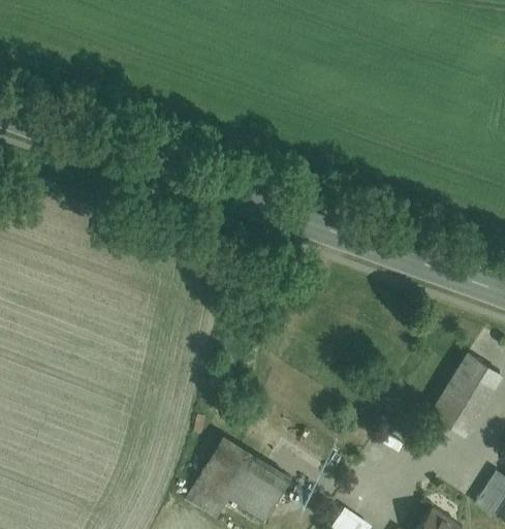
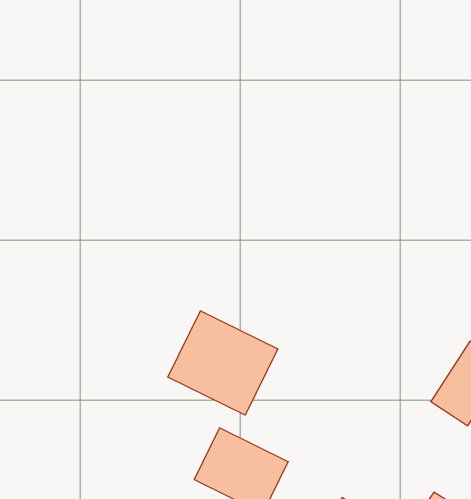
building: none -> [168,311,278,415]

